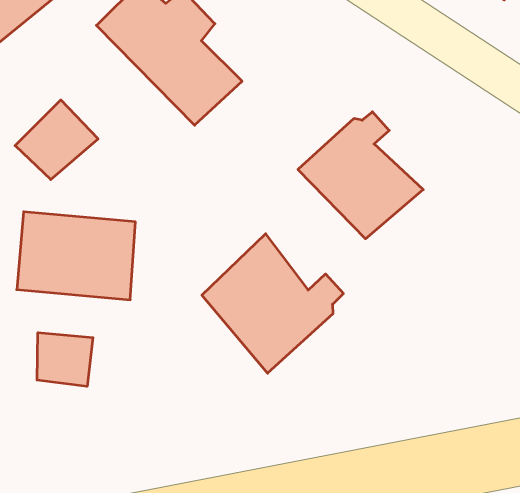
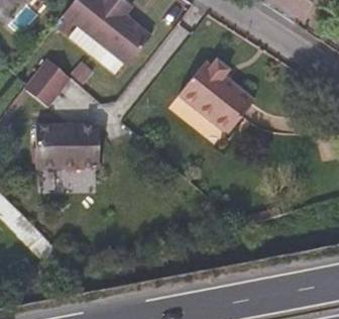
building: [202,234,343,373] -> none
building: [37,333,93,386] -> none

